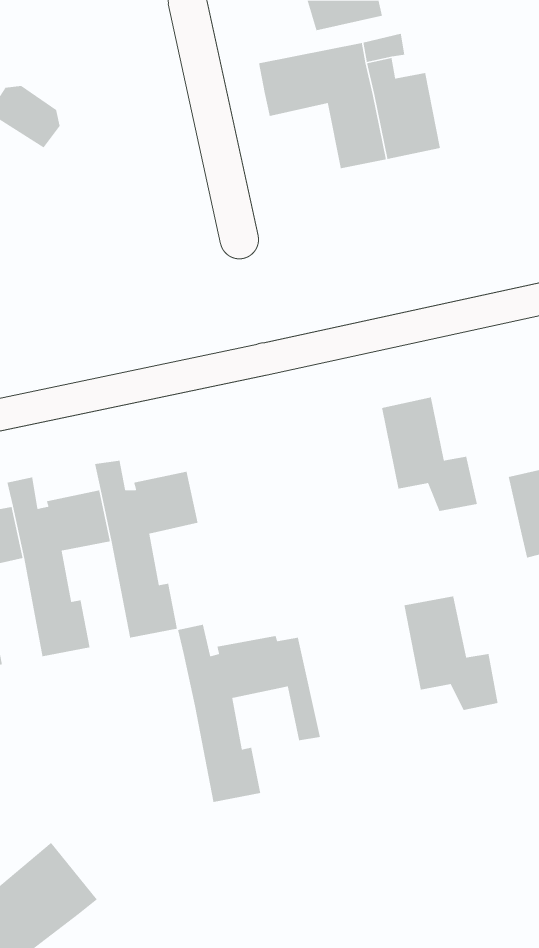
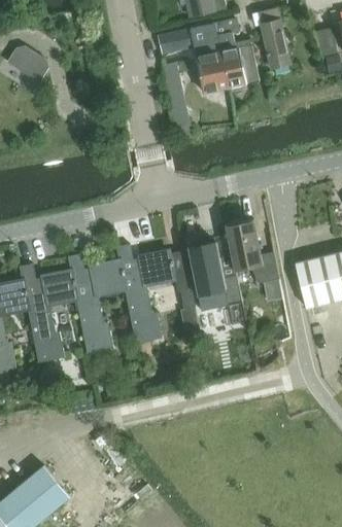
building: none -> [258,8,290,69]
building: [403,595,498,711] -> [189,243,241,307]
building: [177,624,321,803] -> [115,244,195,343]

